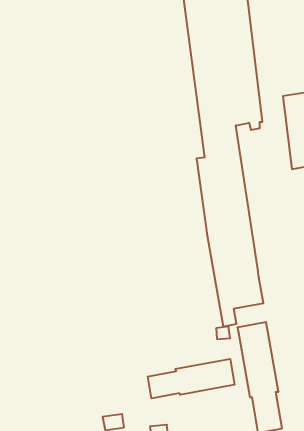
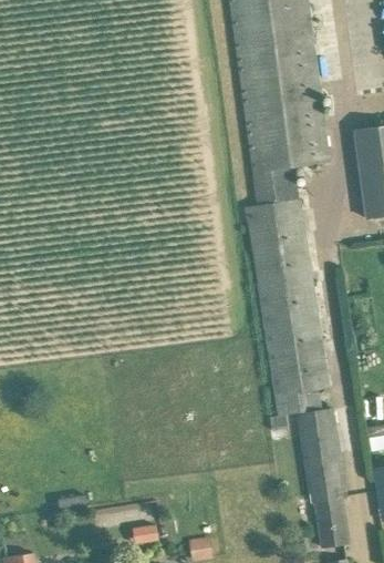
building: [148,359,235,398] -> none

